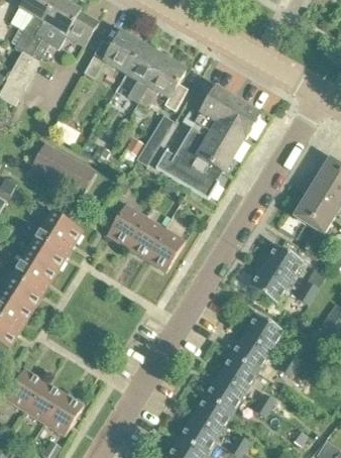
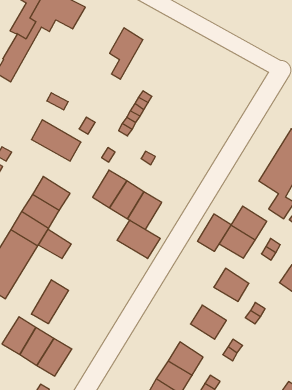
building: [85,32,142,78] -> none
building: [138,58,188,110] -> none
building: [155,87,260,198] -> none
building: none -> [198,214,231,251]
building: none -> [117,220,160,259]
building: none -> [39,229,71,259]
building: none -> [31,280,69,324]
building: [230,335,270,372] -> none
building: [205,376,244,414] -> none

